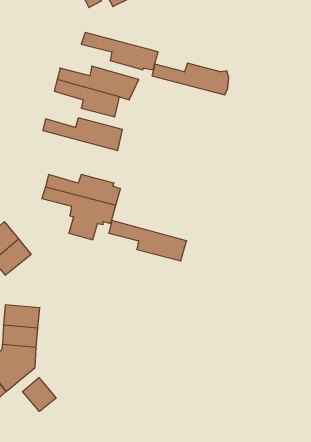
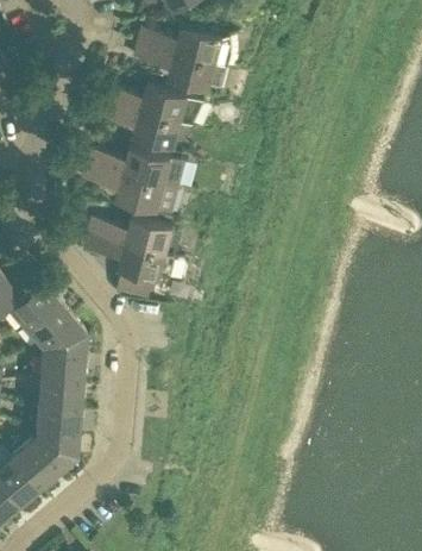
building: [152,63,229,95] -> [138,26,233,65]
building: [109,221,187,261] -> [82,163,178,213]
building: none -> [39,317,86,383]
building: [23,378,56,411] -> none

